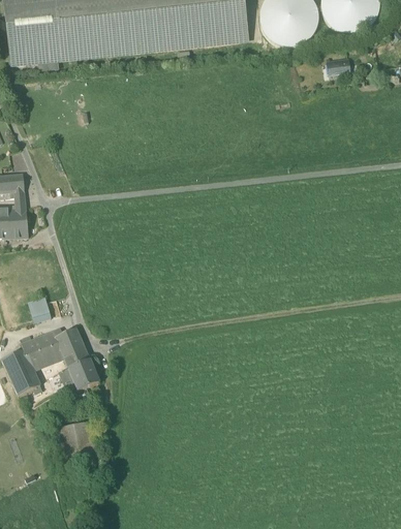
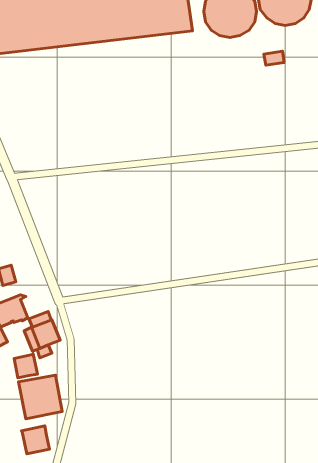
building: [56,326,87,357] -> none
building: none -> [14,354,37,378]
building: none -> [21,426,49,454]

